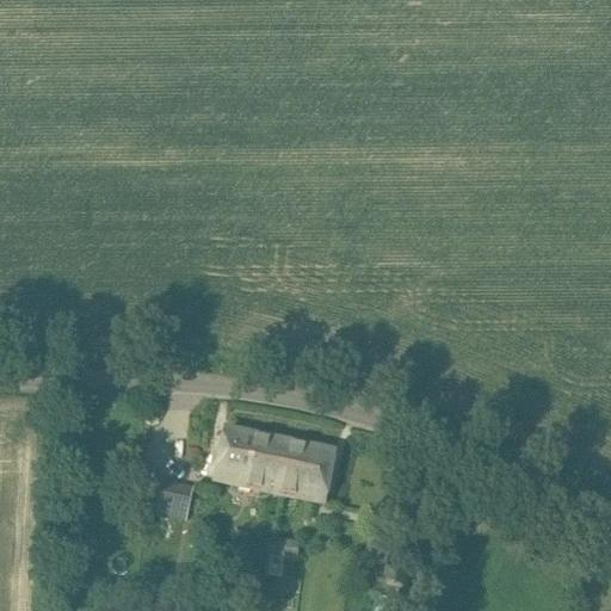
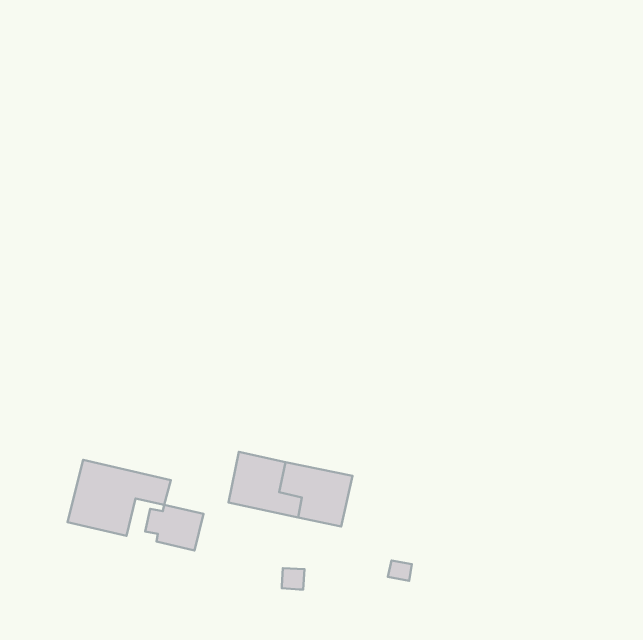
building: none -> [68,460,171,536]

